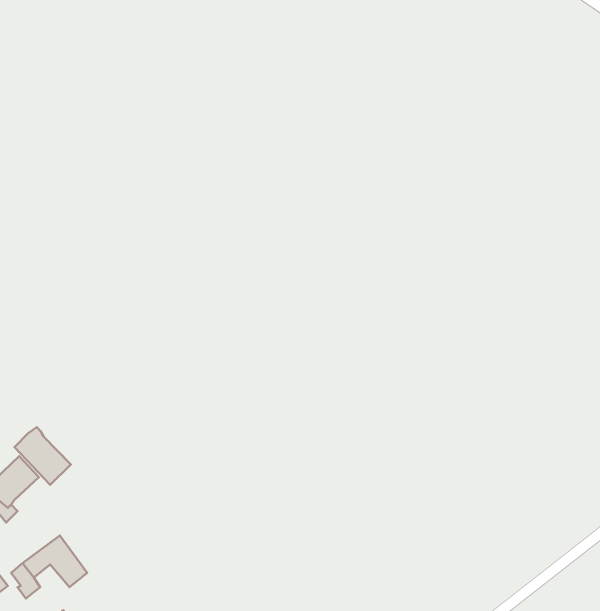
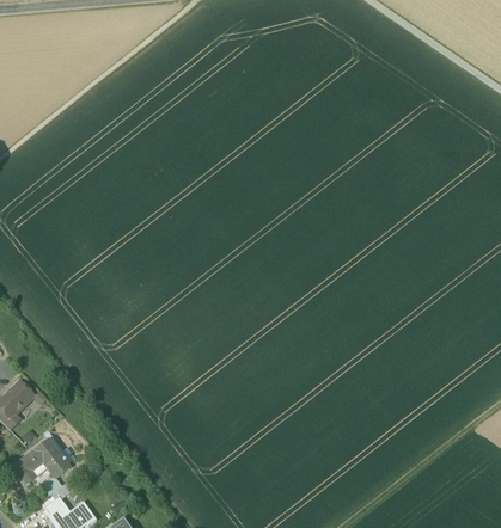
building: [14,427,71,485] -> none

